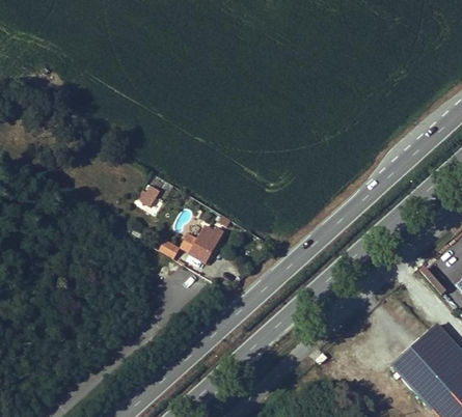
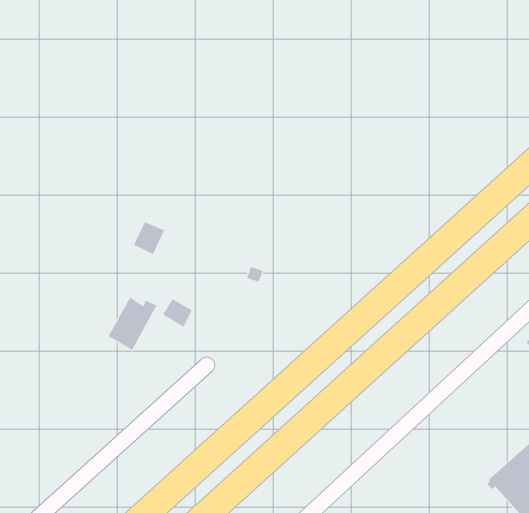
building: [190,226,225,265] -> [108,297,157,351]

